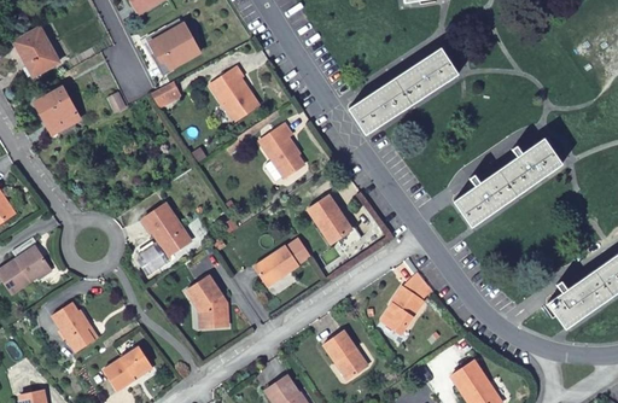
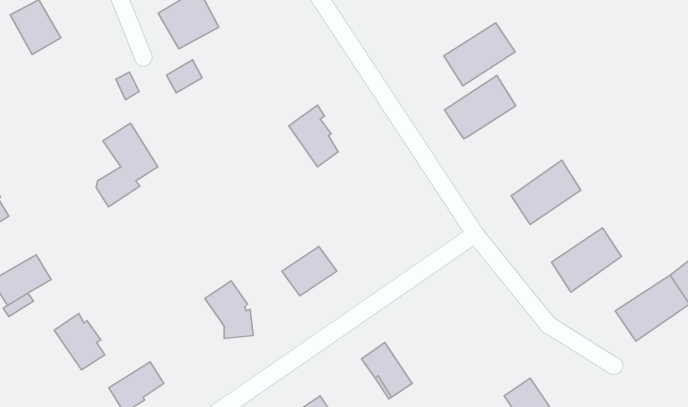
building: [206,65,253,119] -> none
building: [349,77,412,133] -> [445,76,516,139]
building: [33,86,82,138] -> none
building: [499,139,560,195] -> [552,228,622,292]
building: [305,193,358,249] -> none
building: [134,203,188,276] -> [96,123,158,207]
building: [380,271,430,334] -> none

